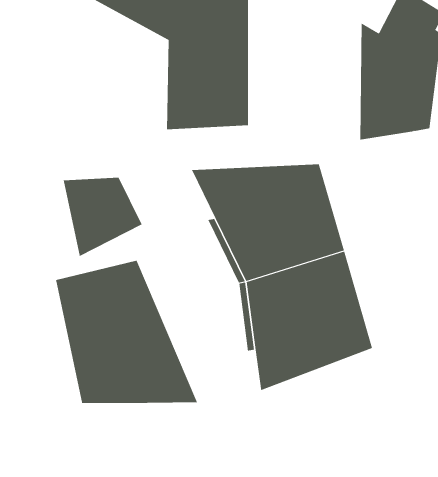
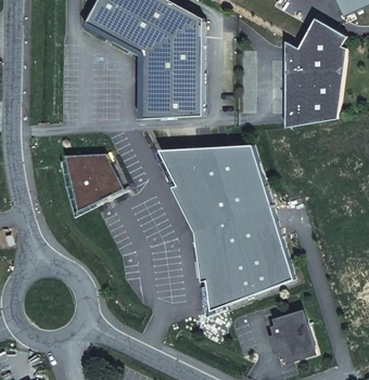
building: [56,260,198,404] -> none
building: none -> [267,313,311,362]

